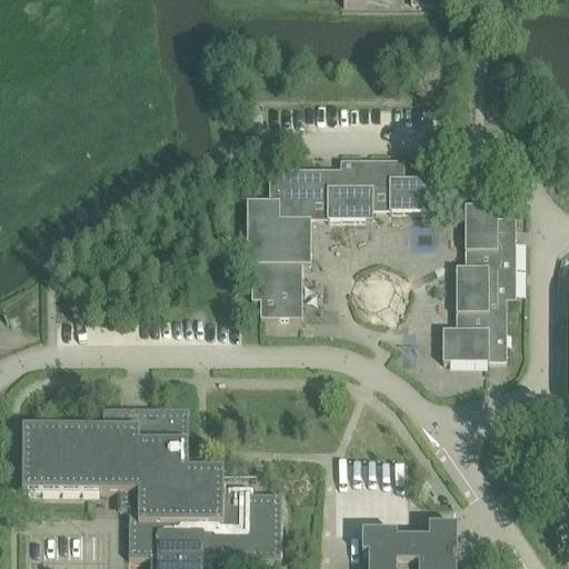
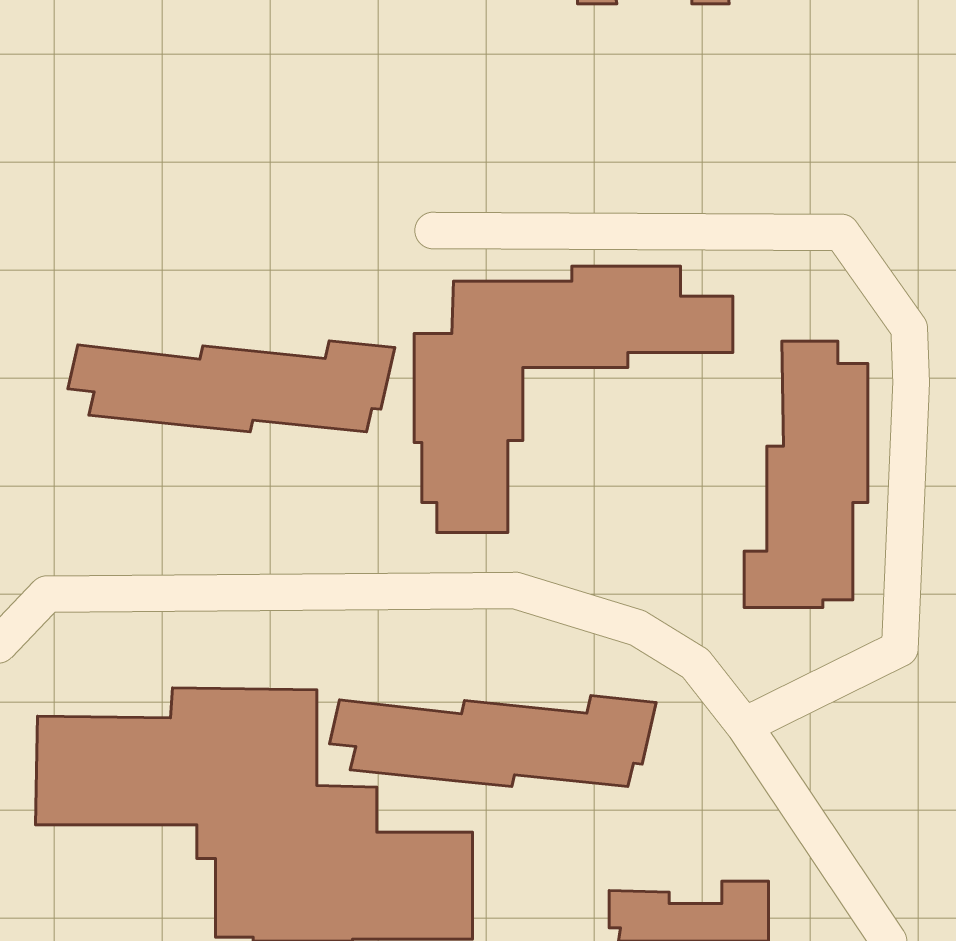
building: none -> [68,341,395,432]
building: none -> [330,696,656,787]

